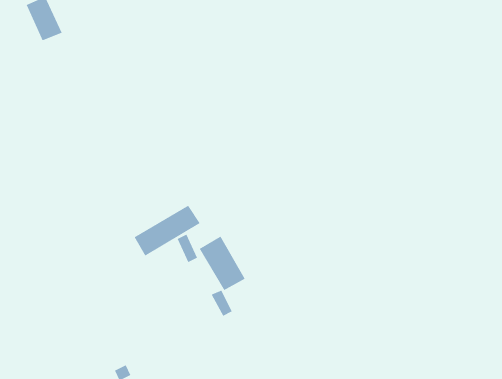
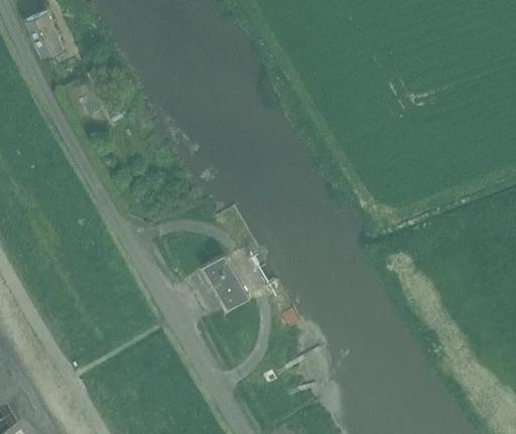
building: [134,205,200,256] -> none

